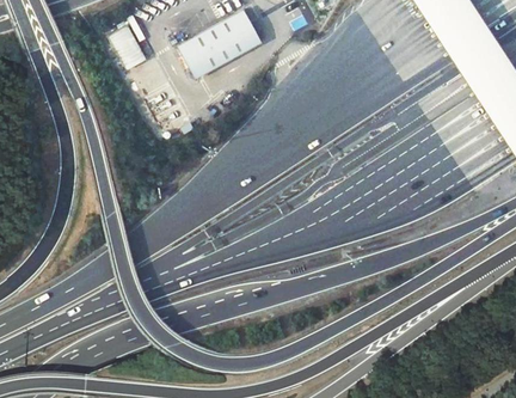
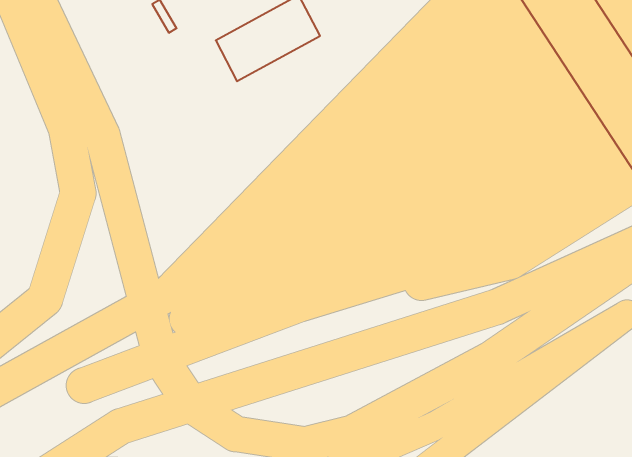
building: [111,24,147,63] -> none

